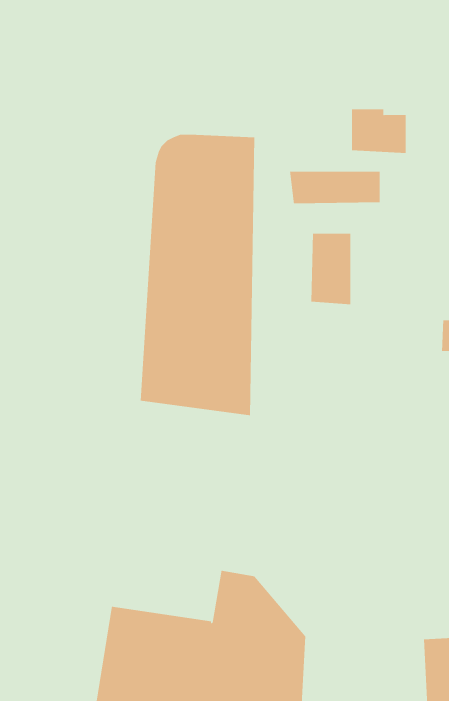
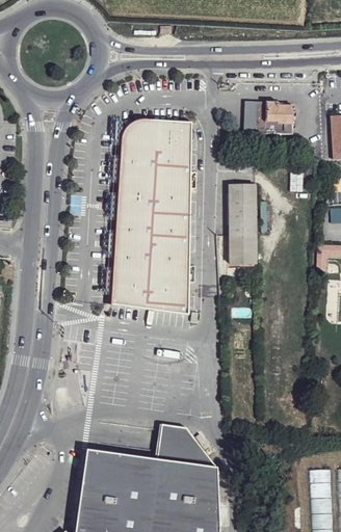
building: [290,171,380,204] -> none
building: none -> [228,235,256,266]

